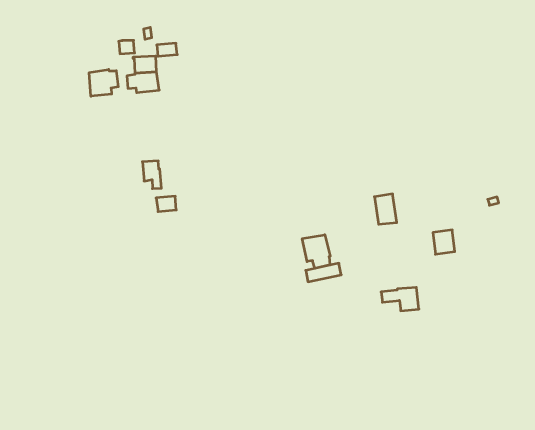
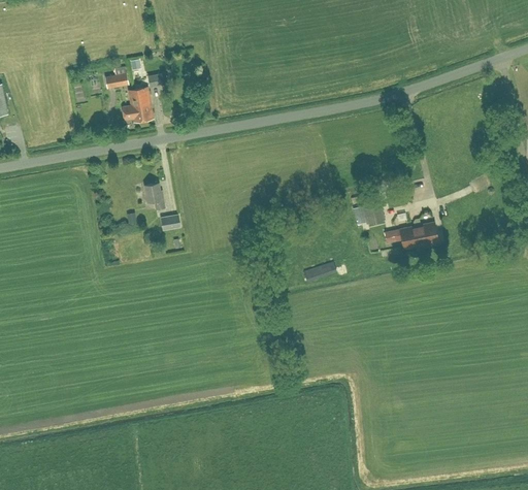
building: [89,69,118,96] -> none
building: [302,235,330,268] -> none
building: [381,287,419,311] -> [385,226,421,249]

